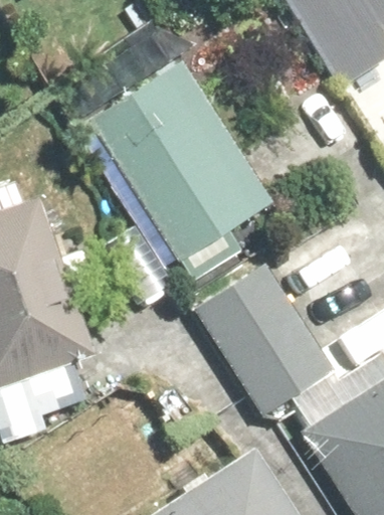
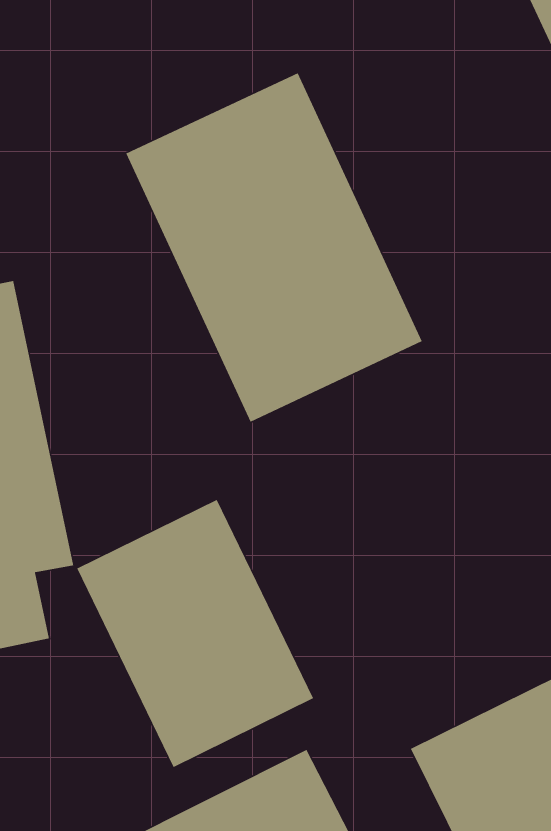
building: [194,262,339,417] -> [76,499,314,768]

